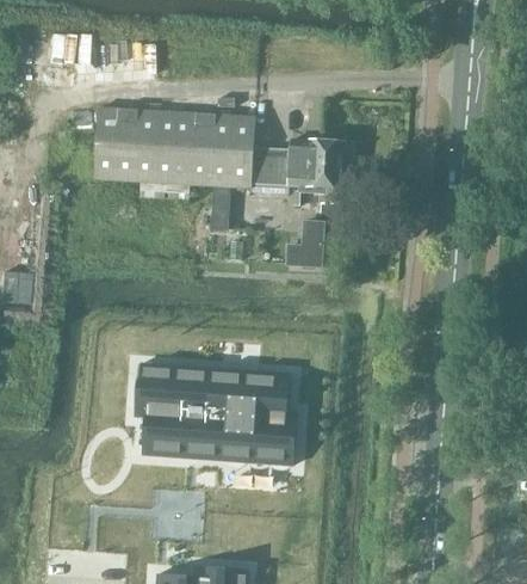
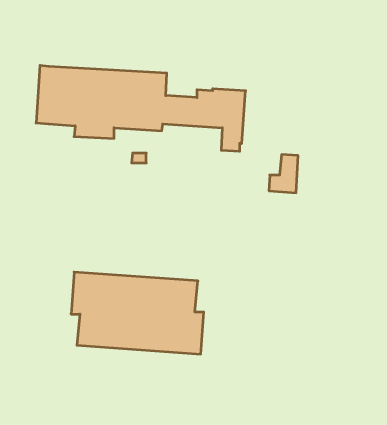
building: [289,220,324,266] -> [269,155,298,193]

